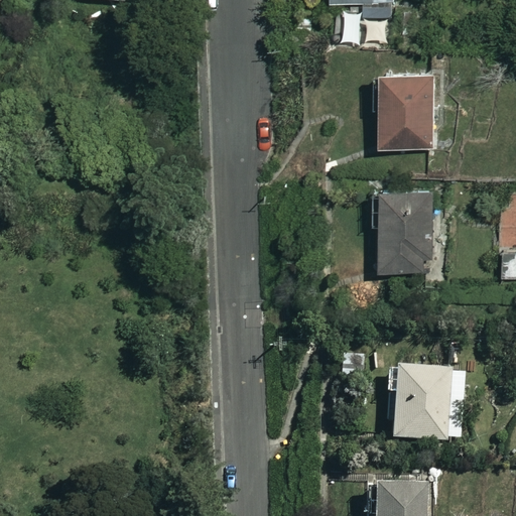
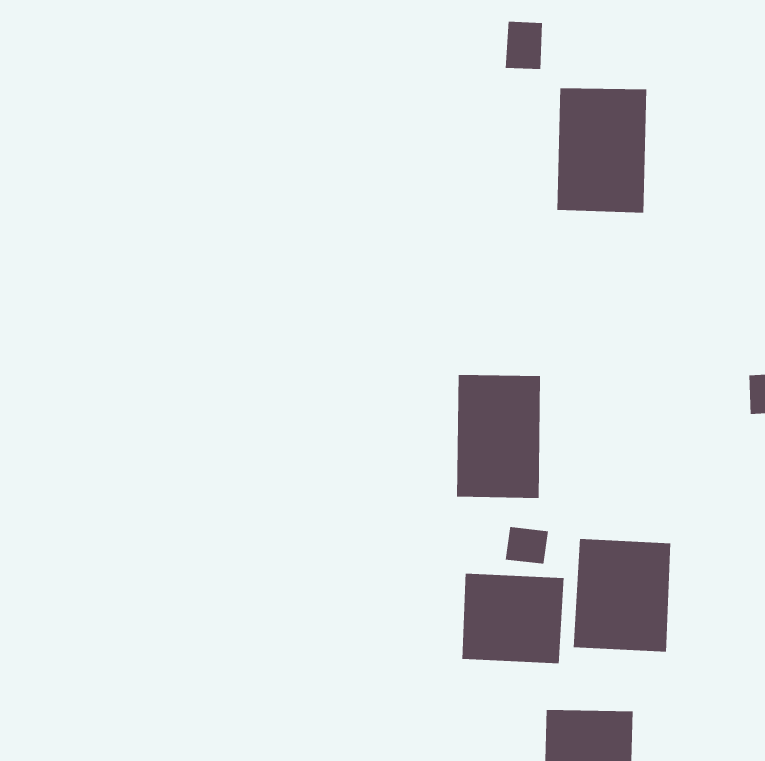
building: [378,188,434,271] -> [456,374,541,498]
building: none -> [462,573,564,664]

